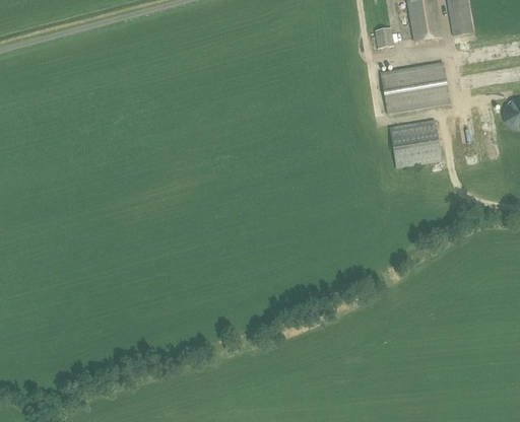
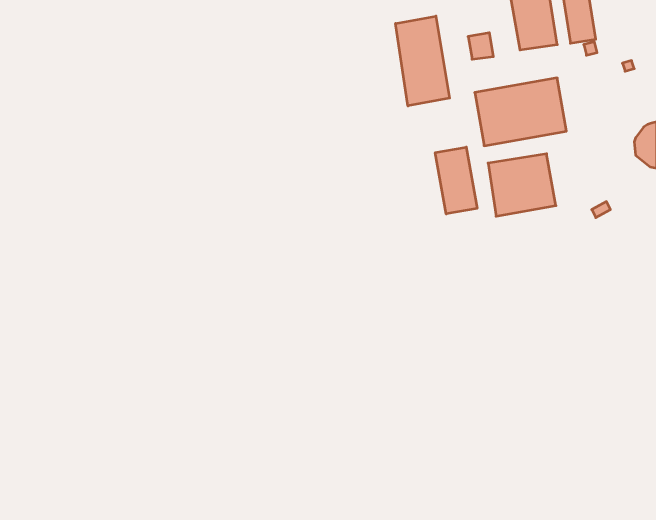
building: none -> [396,16,450,106]
building: none -> [435,147,477,214]

